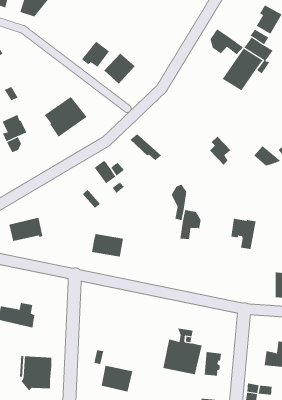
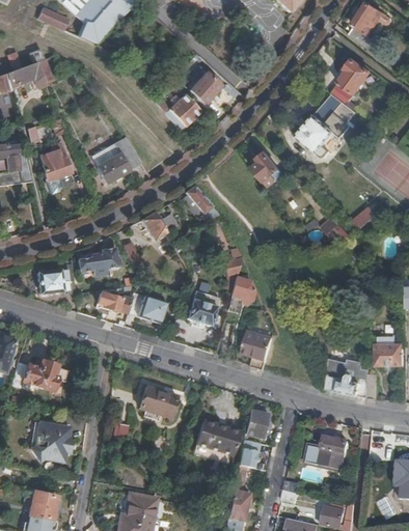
building: [210,29,244,55] -> none
building: [81,41,110,68] -> [188,69,221,100]
building: [209,136,231,166] -> [254,150,279,185]
building: none -> [79,246,121,274]
building: [231,218,257,249] -> [243,330,274,367]
building: none -> [187,299,217,325]
building: none -> [97,291,132,313]
building: none -> [245,411,269,437]
building: [101,365,133,392] -> [139,385,178,418]

